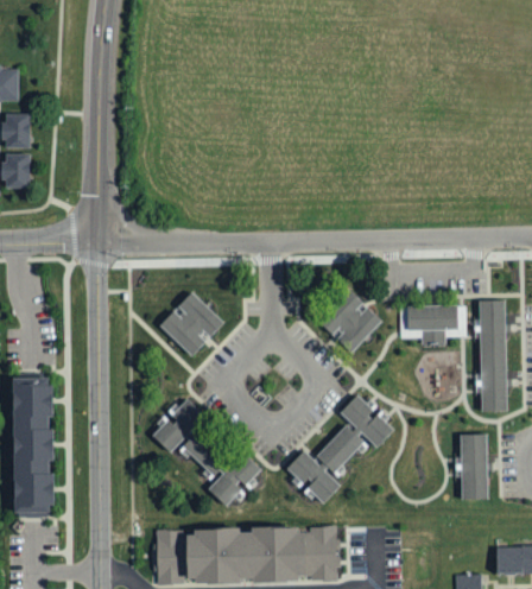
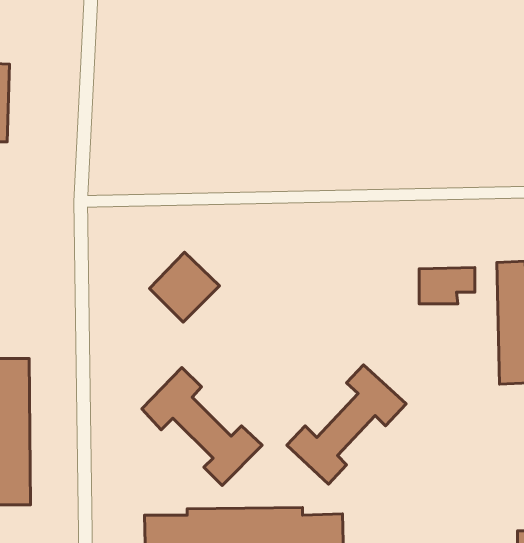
building: [317,289,381,353] -> none
building: [460,433,488,499] -> none

